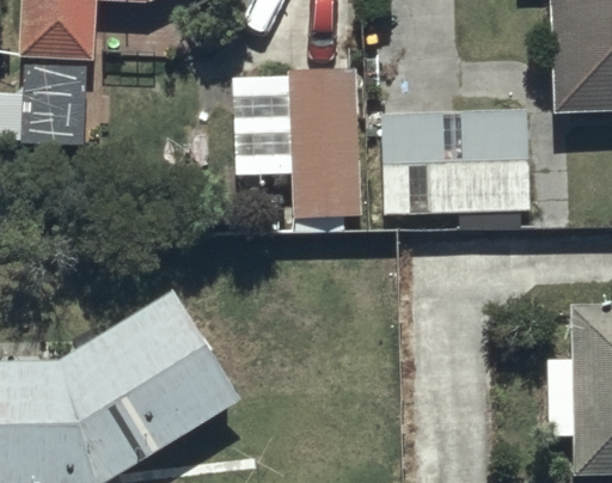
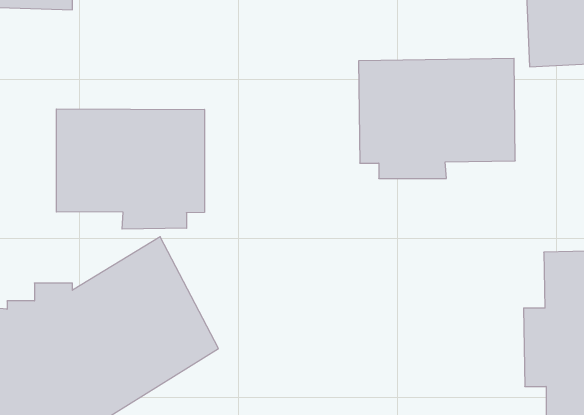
building: [290,86,366,219] -> none
building: none -> [56,109,204,229]

